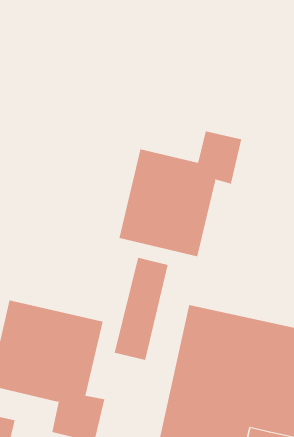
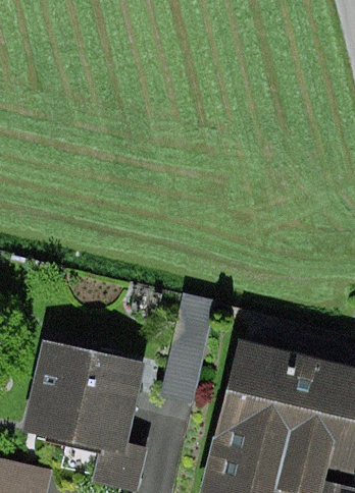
building: [119,131,242,257] -> none

